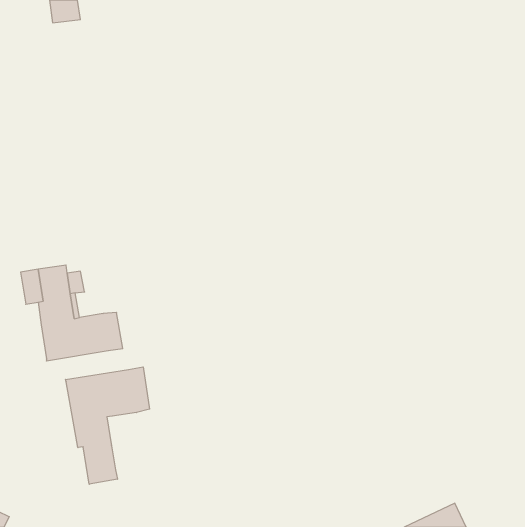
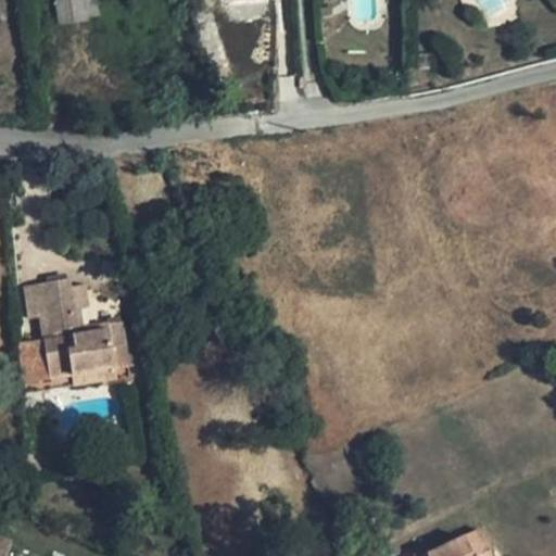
building: none -> [18,342,49,382]
building: [66,367,150,484] -> none

